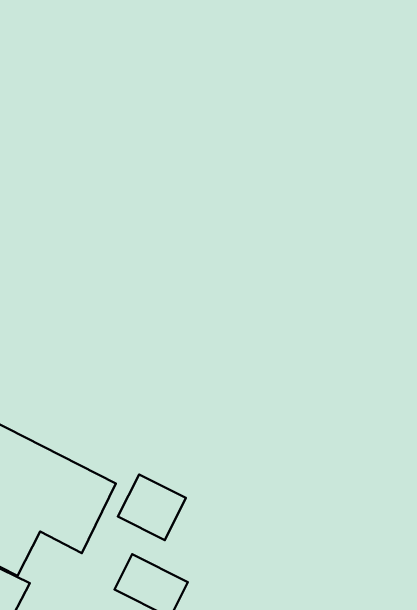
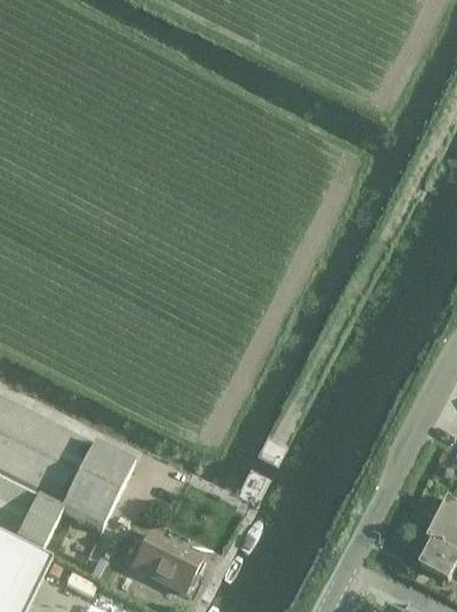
building: [118,474,186,540] -> none

